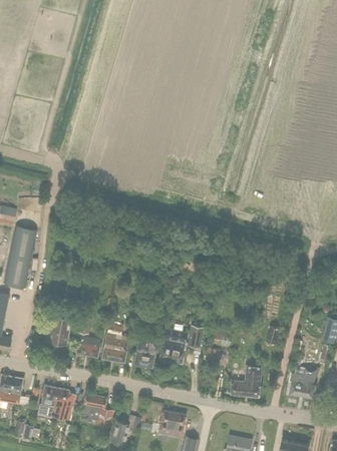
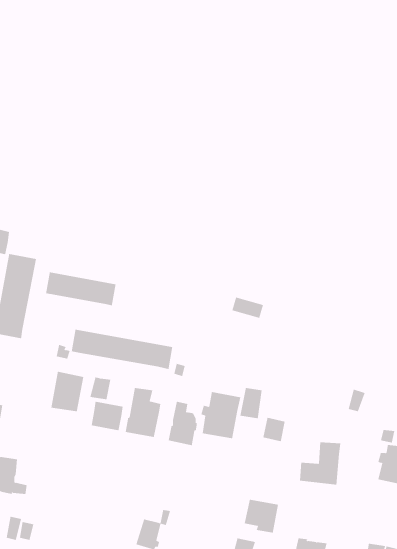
building: none -> [46,272,116,306]
building: none -> [71,329,173,370]
building: [37,384,74,418] -> none
building: [80,392,111,427] -> none
building: [158,409,185,434] -> [244,499,279,533]

